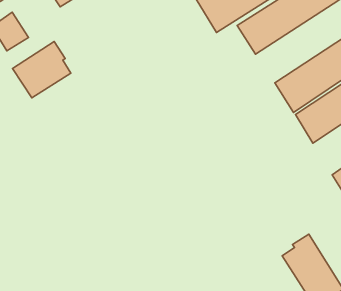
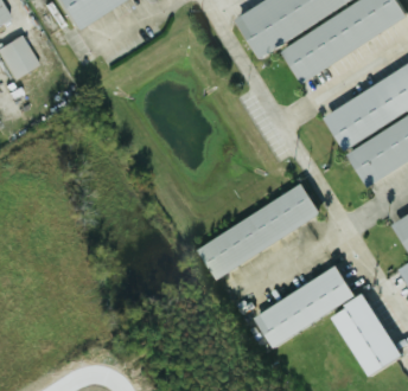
building: [12,42,71,98] -> none
building: none -> [200,184,321,277]
building: none -> [255,265,355,346]

